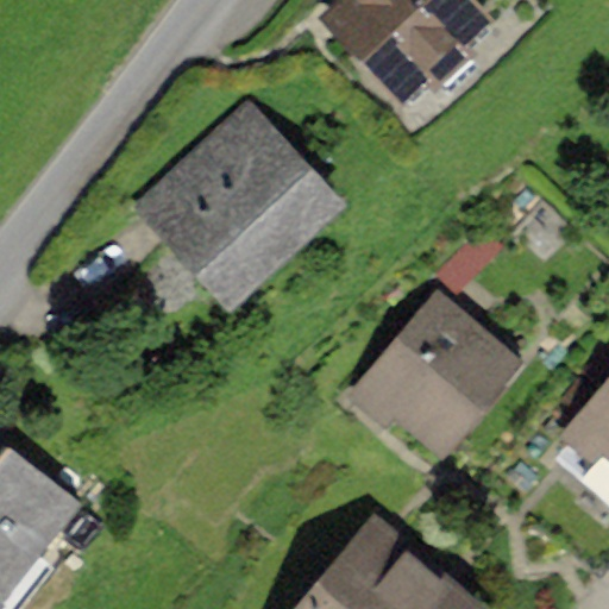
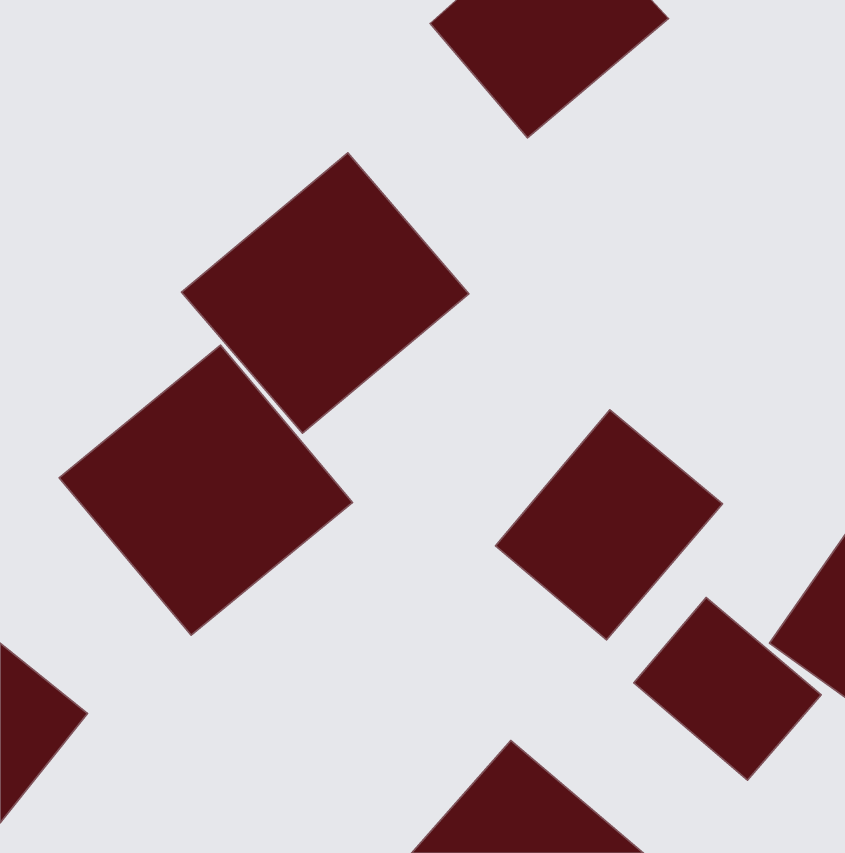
building: none -> [59,345,352,635]
building: none -> [634,598,821,780]

